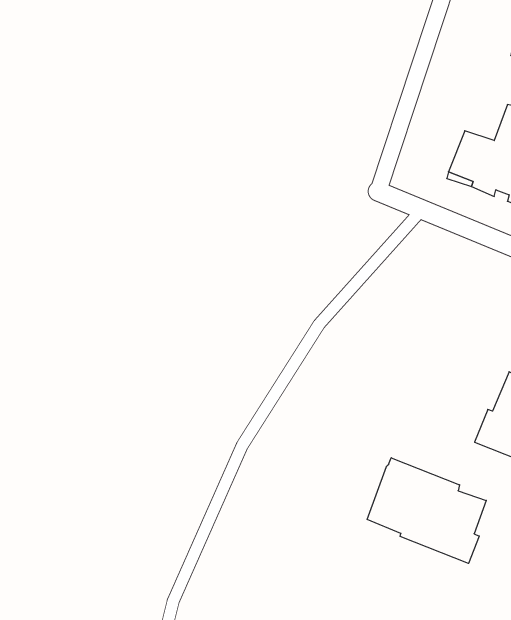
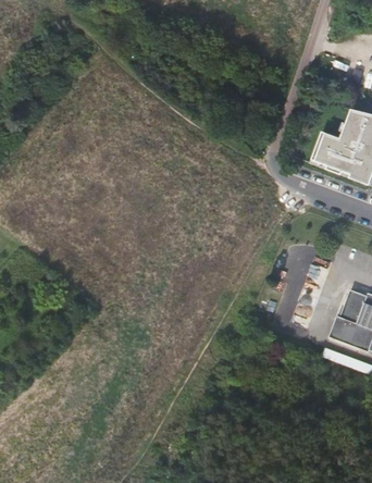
building: [367,458,486,563] -> none

